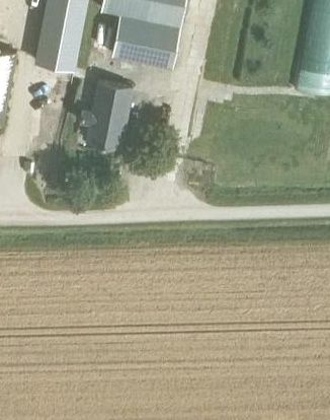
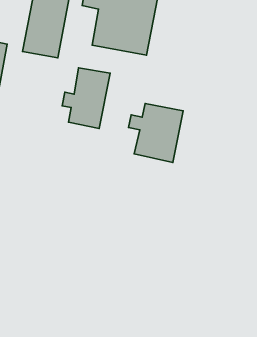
building: none -> [129,104,183,162]

